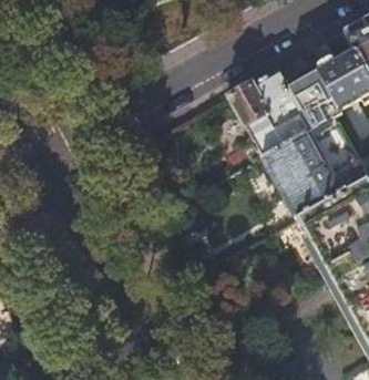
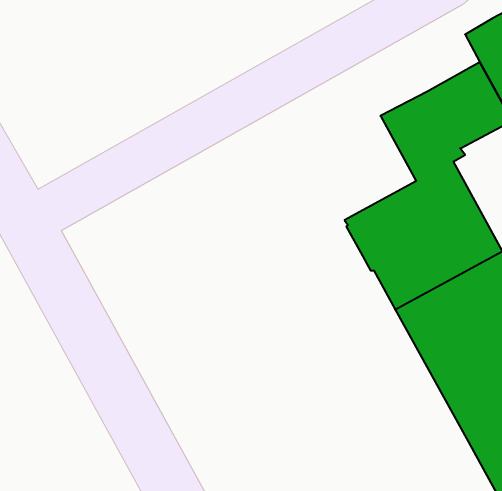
building: [225,66,309,156] -> none

